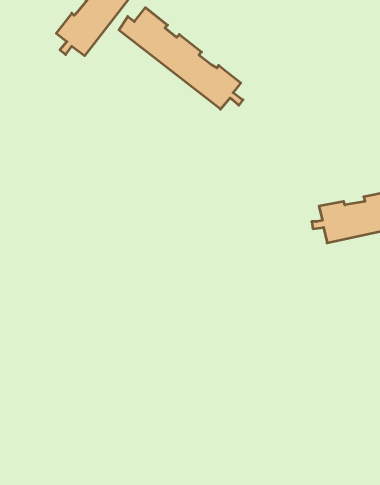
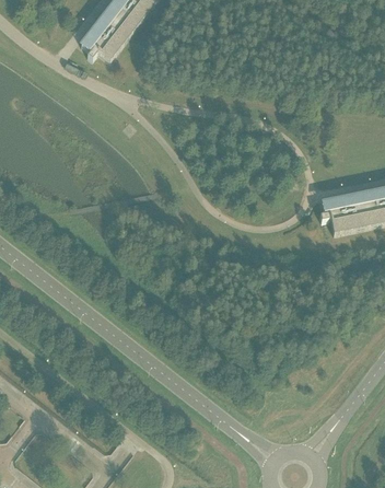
building: [119,8,243,109] -> none

